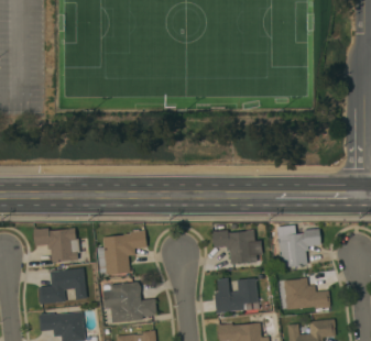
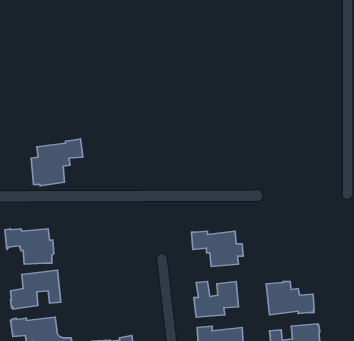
building: [276,224,319,267] -> none
building: [97,230,146,275] -> [31,139,83,186]
building: [101,282,156,317] -> none

